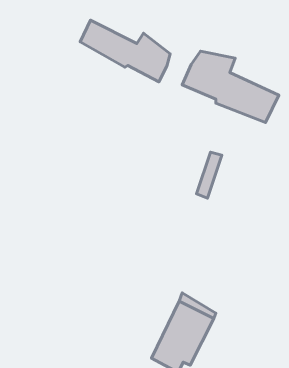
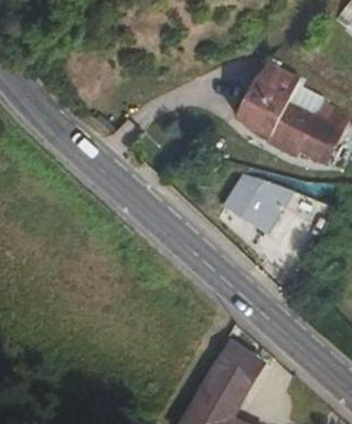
building: [80,20,170,82] -> none
building: none -> [223,179,266,232]

